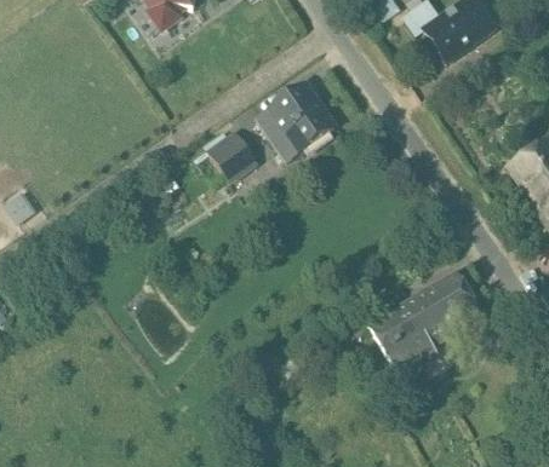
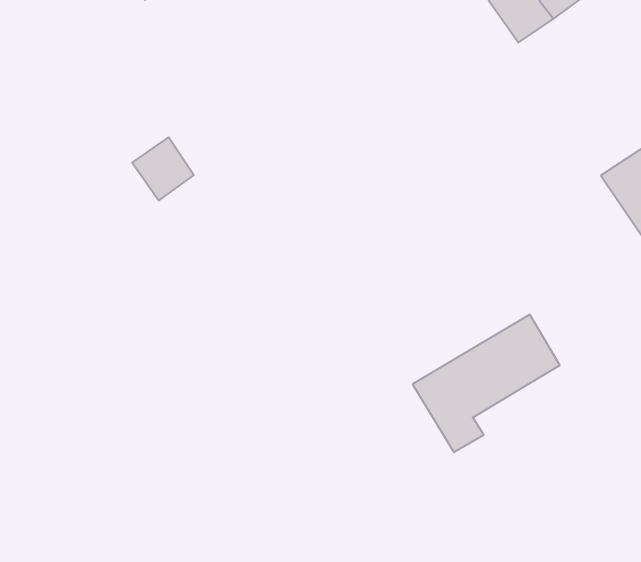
building: [256,86,334,154] -> none
building: [208,133,256,181] -> [132,137,194,201]

